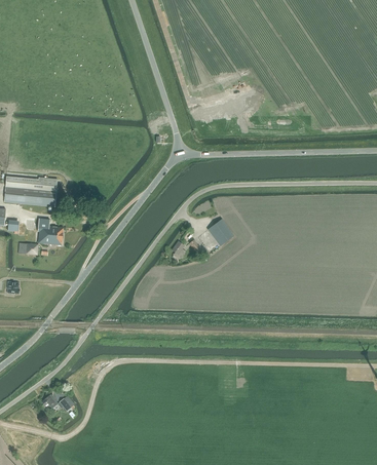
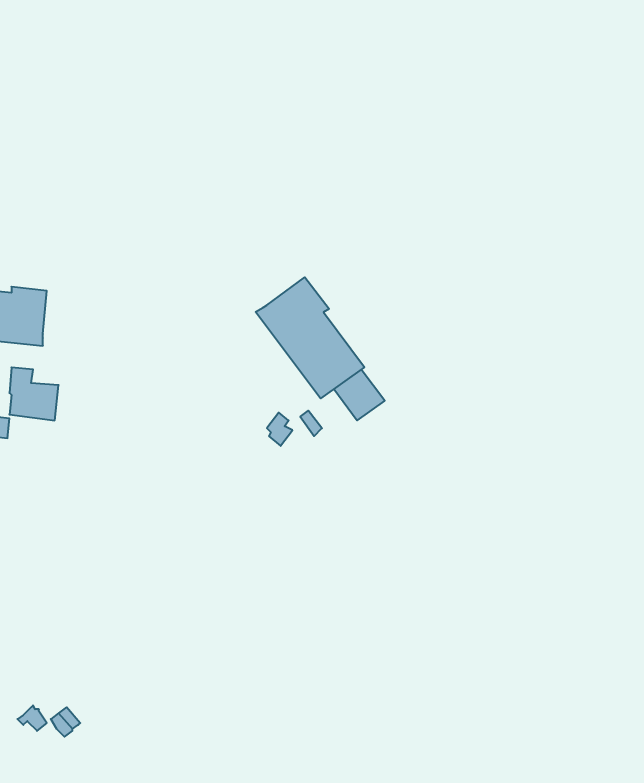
building: none -> [256,277,364,398]

